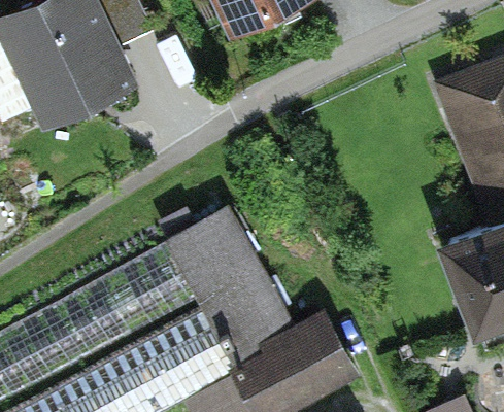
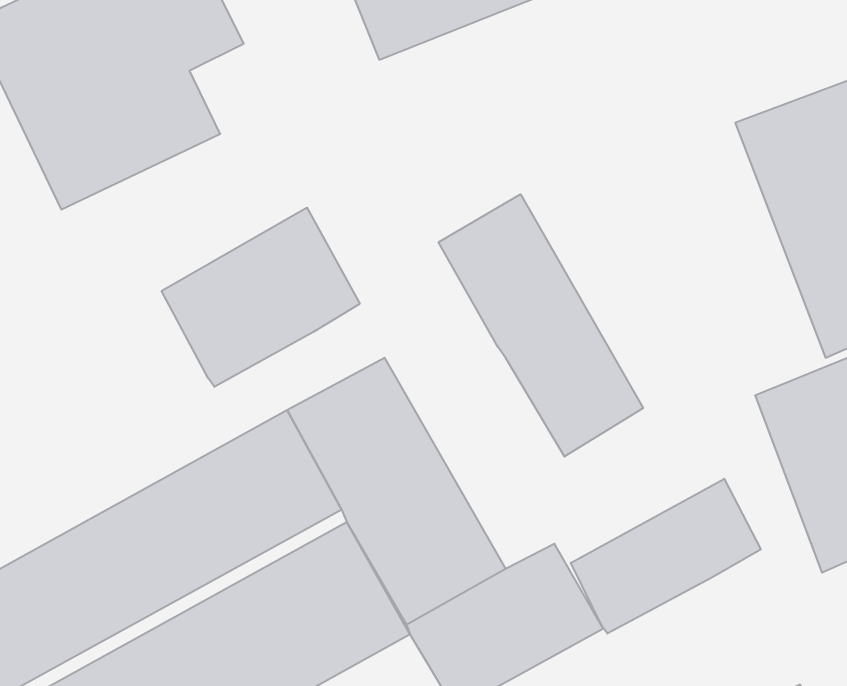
building: none -> [439,194,643,457]
building: none -> [162,208,360,387]
building: none -> [571,479,761,634]

